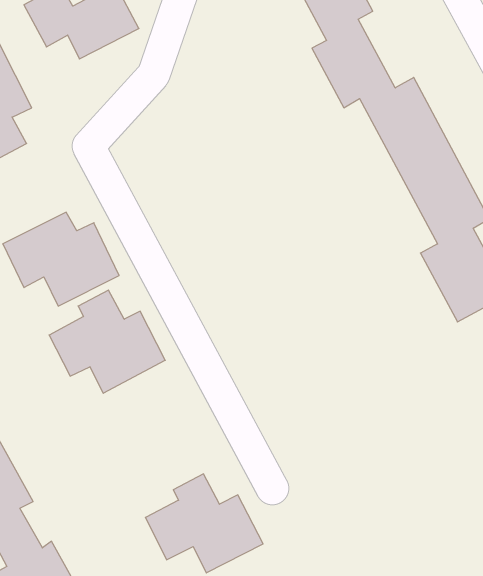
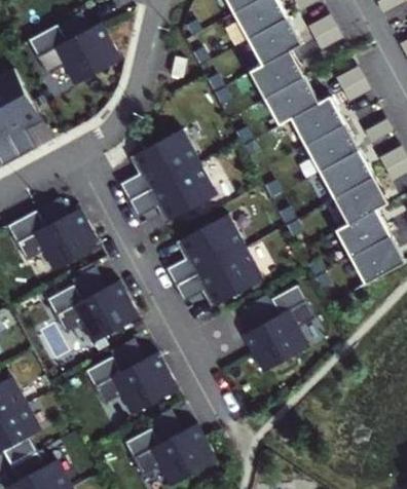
building: none -> [123,131,221,218]
building: none -> [162,219,257,307]
building: none -> [245,288,318,375]
building: none -> [87,334,177,413]

